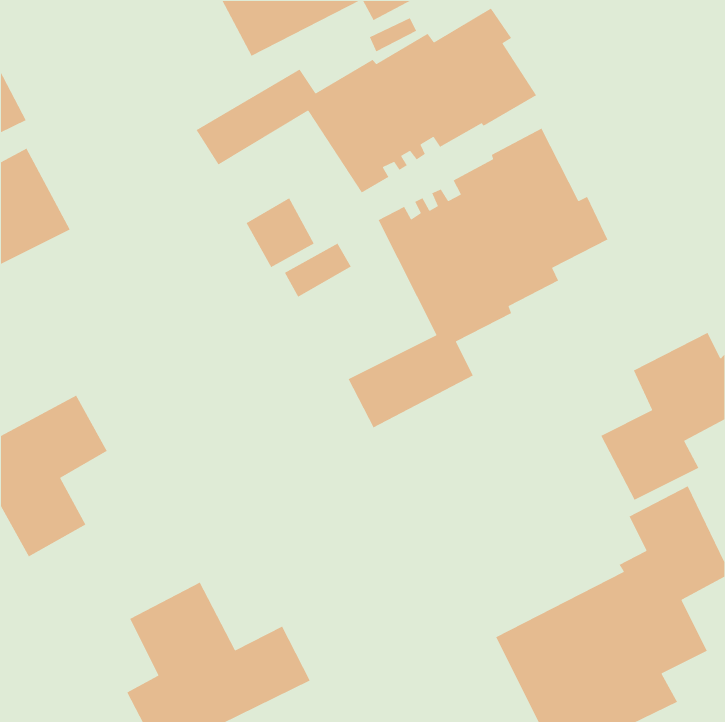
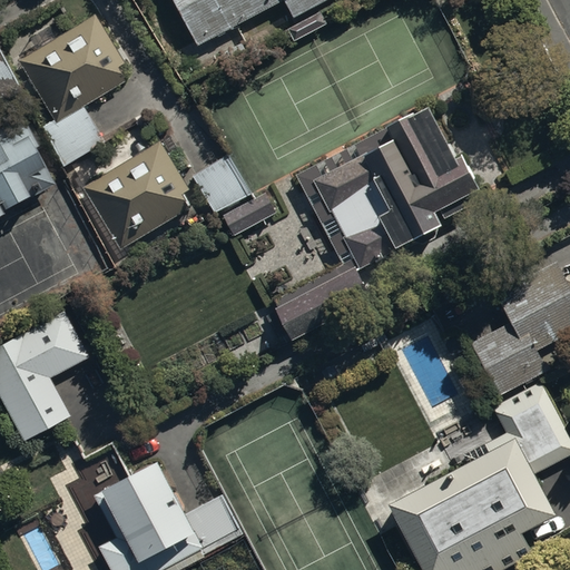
building: [195,8,537,194] -> none
building: none -> [16,14,130,167]
building: none -> [82,139,198,249]

